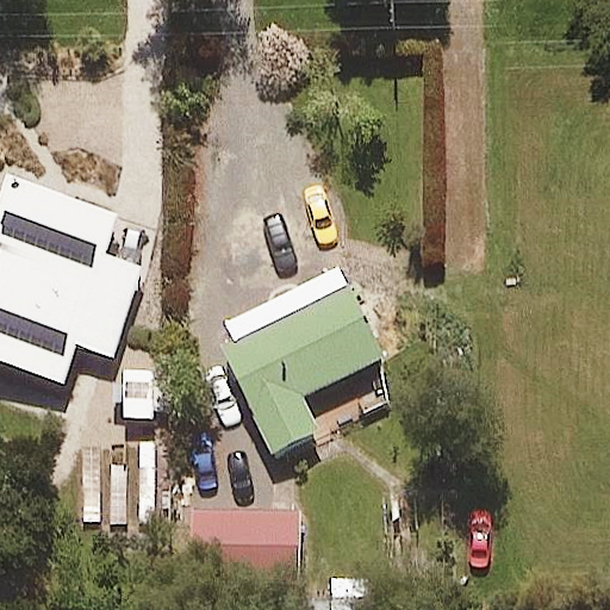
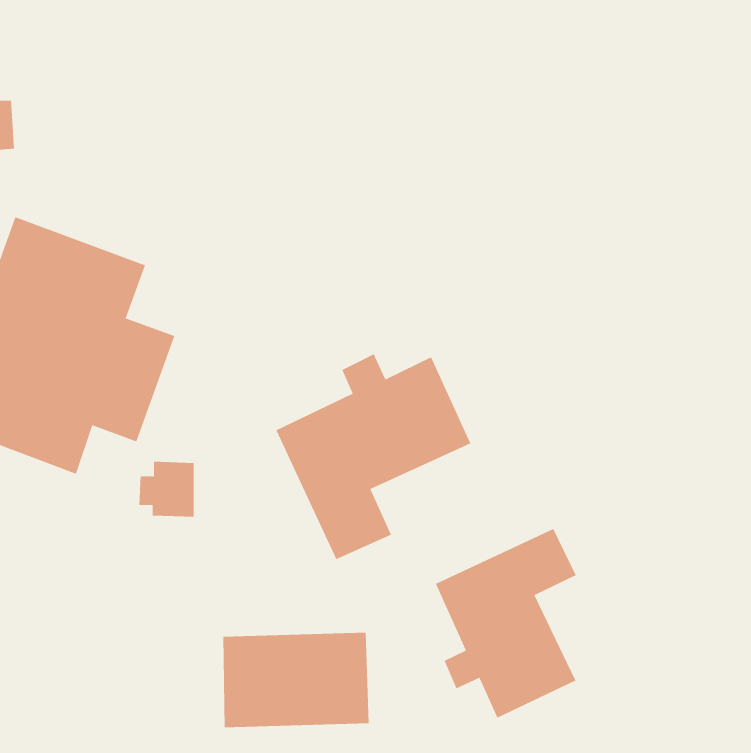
building: none -> [435,528,577,718]

